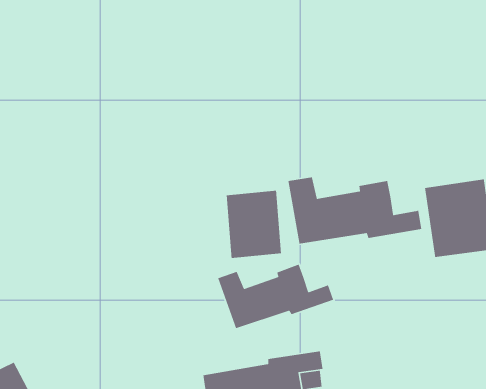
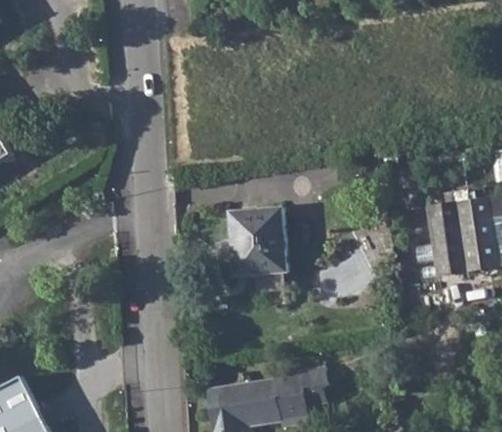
building: [287,177,422,244] -> none
building: [217,264,334,329] -> none

